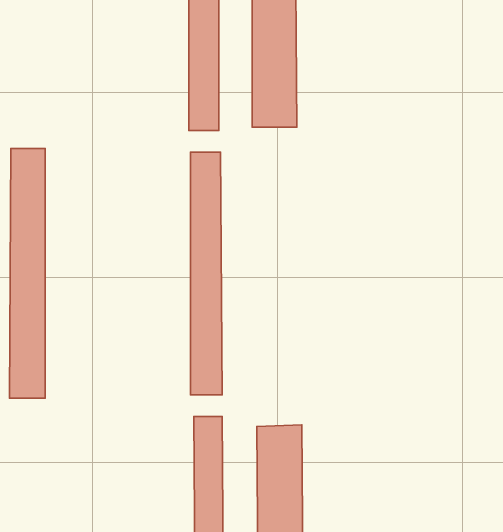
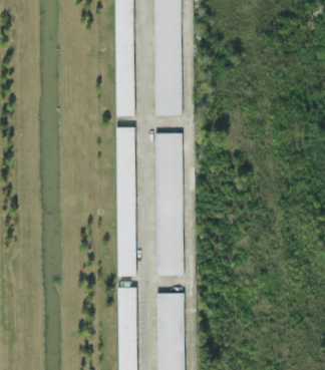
building: [10,149,45,398] -> none
building: none -> [154,133,183,276]

